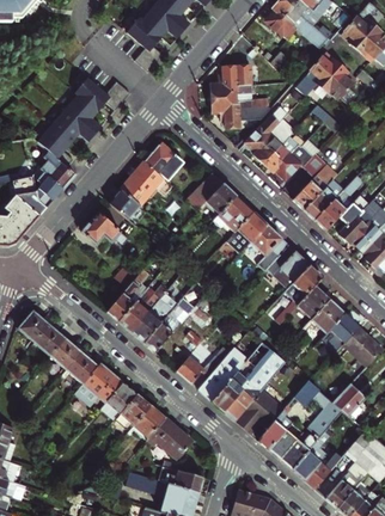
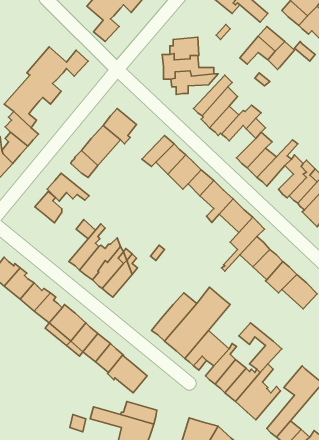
building: none -> [35,191,62,223]
building: [176,345,228,383] -> none
building: [332,382,366,416] -> none

